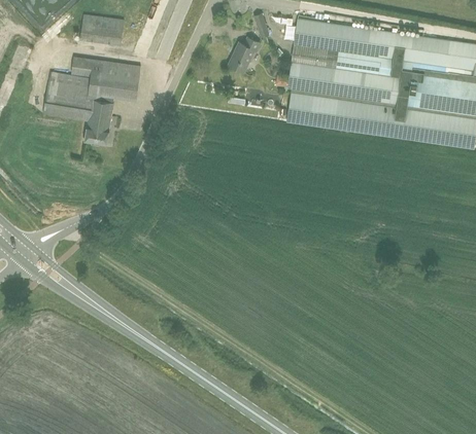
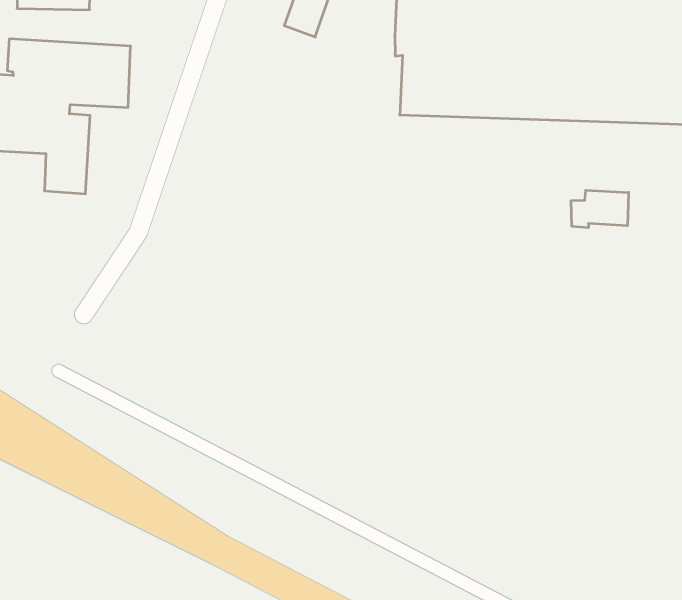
building: none -> [571,190,629,228]

